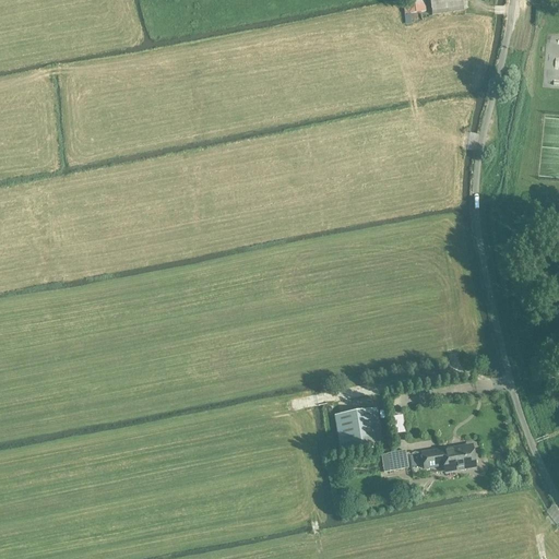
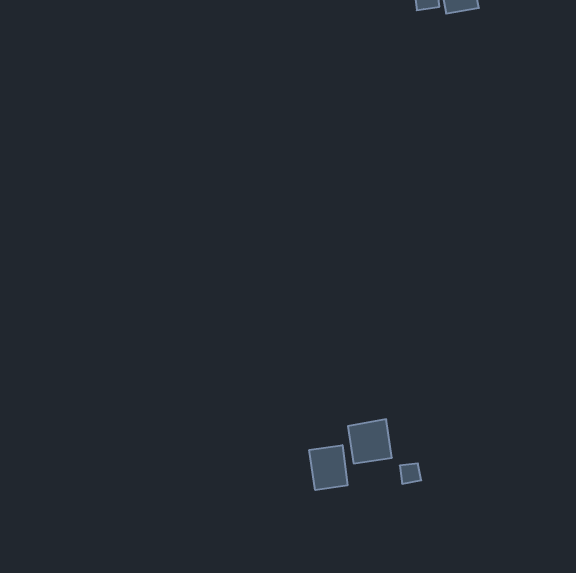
building: none -> [309,445,347,490]
building: [420,443,474,466] -> none

